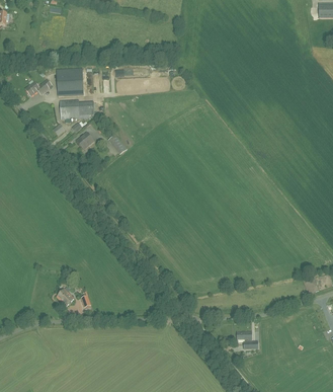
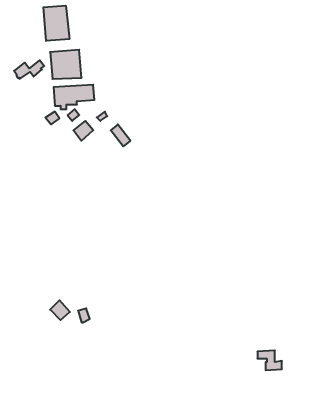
building: none -> [43,6,69,41]

